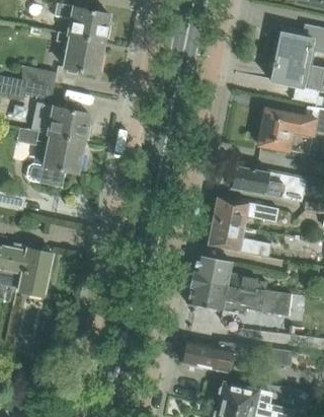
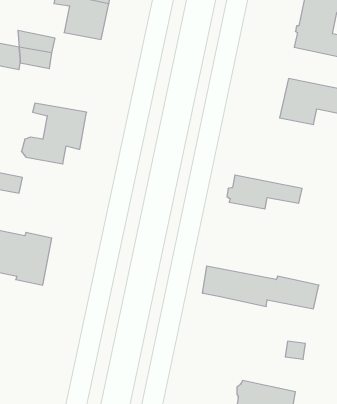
building: [30,102,91,140] -> none
building: [230,165,305,201] -> none
building: [208,221,272,257] -> none
building: [192,256,258,291] -> none
building: [182,341,249,372] -> none

